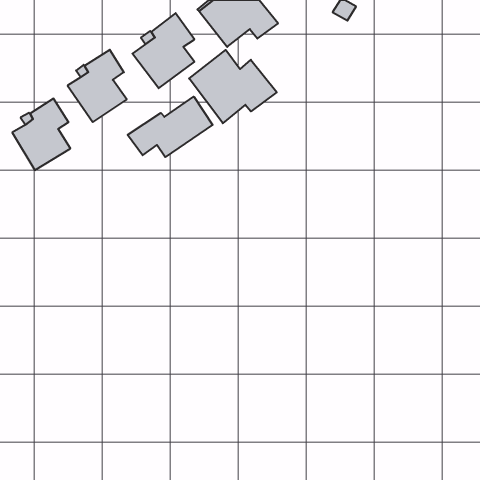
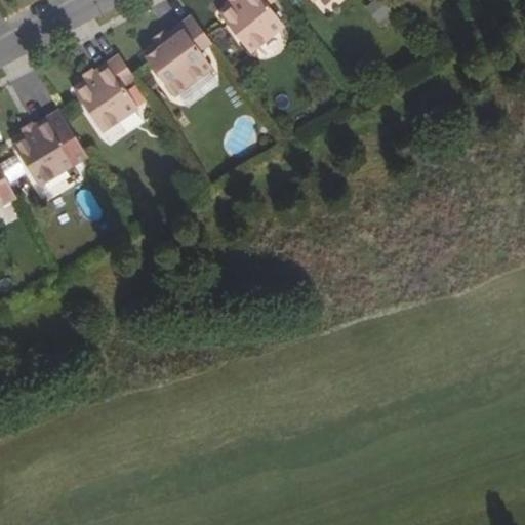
building: [189,50,277,123] -> none
building: [128,97,213,157] -> none

